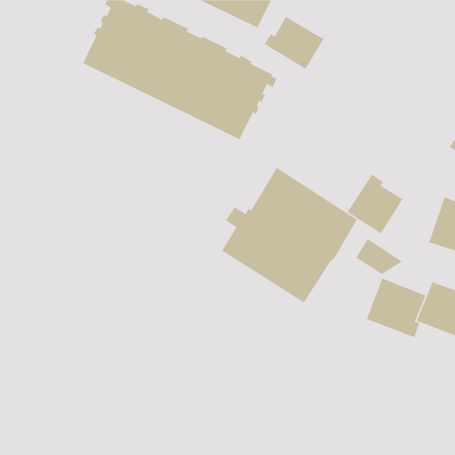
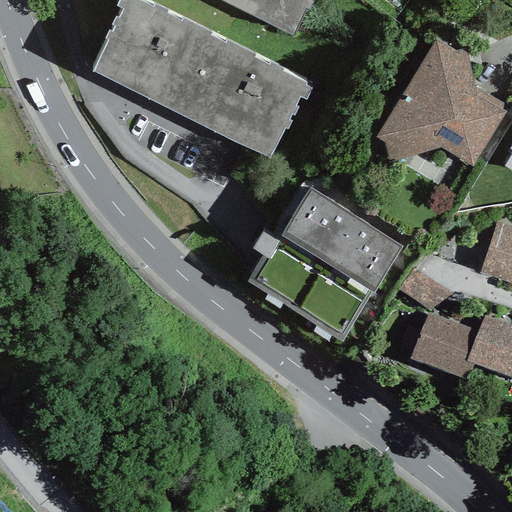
building: [264,16,324,70] -> none
building: none -> [377,38,507,165]
building: [347,173,403,235] -> none

